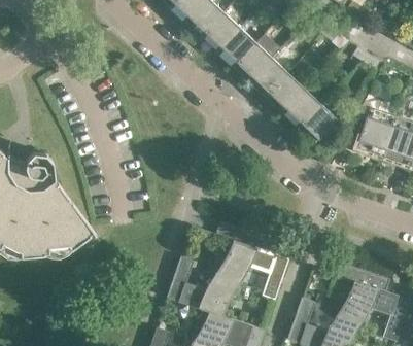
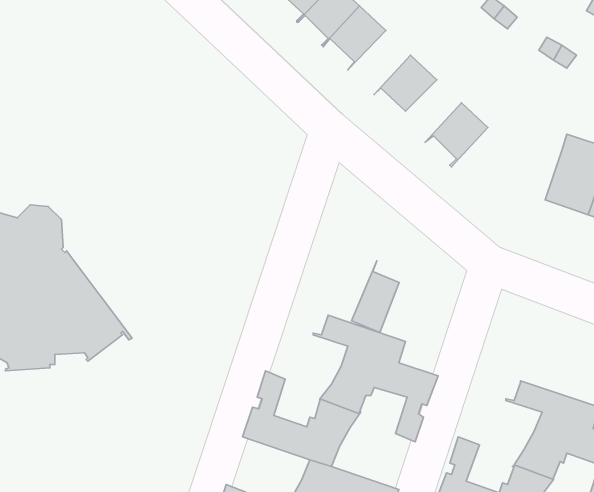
building: [232,33,280,82] -> none
building: [264,73,303,112] -> none
building: [297,103,336,143] -> none
building: none -> [351,261,399,333]

